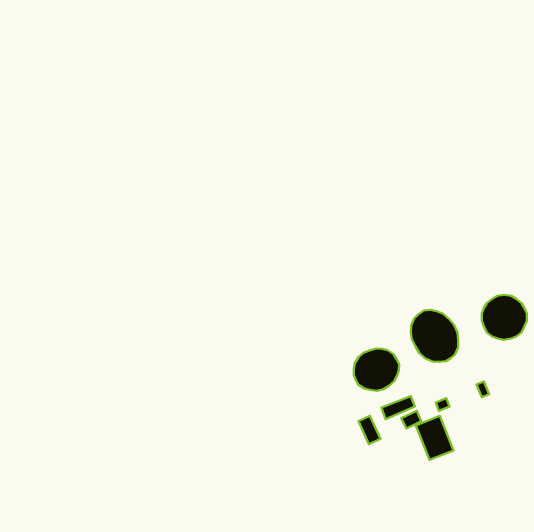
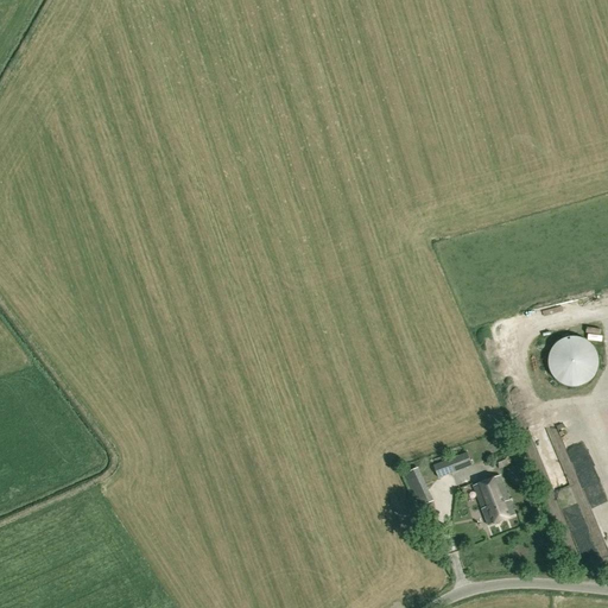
building: [411,310,458,362] -> none
building: [354,349,399,391] -> none

